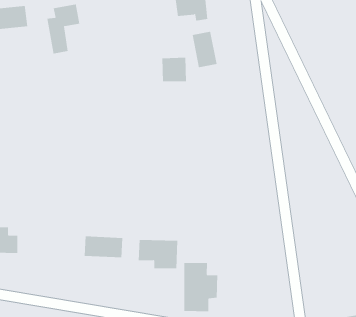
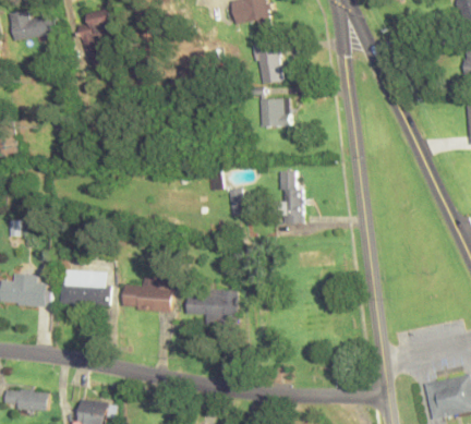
building: [161,57,187,82] -> [259,97,290,126]
building: none -> [281,170,303,223]
building: none -> [61,271,108,306]
building: [184,262,218,312] -> none

